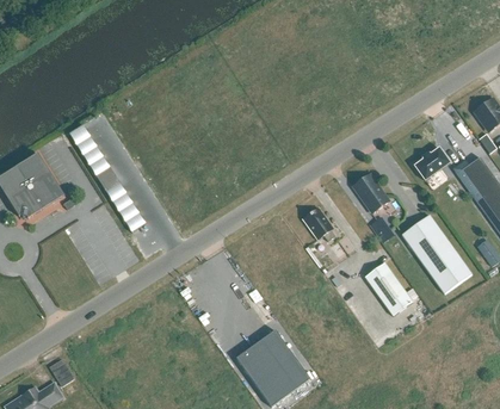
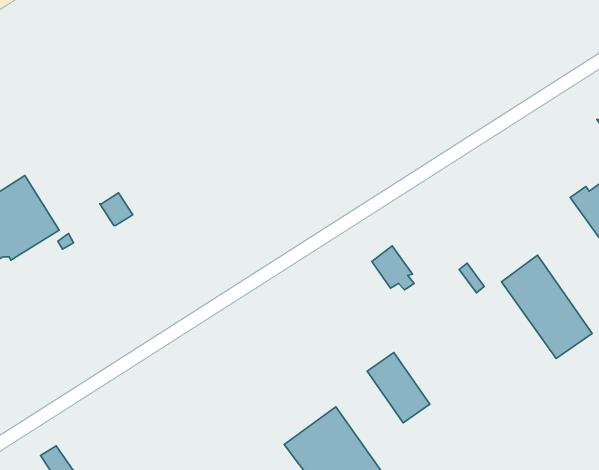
building: [414,147,463,179] -> none
building: [353,173,389,212] -> none
building: [365,261,413,315] -> [367,353,430,423]

